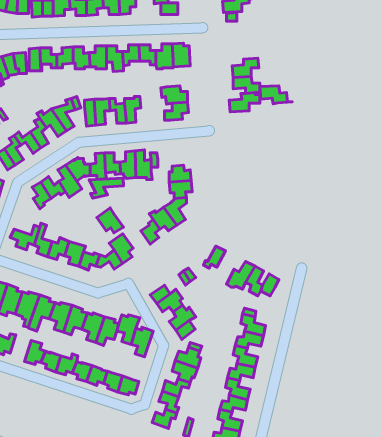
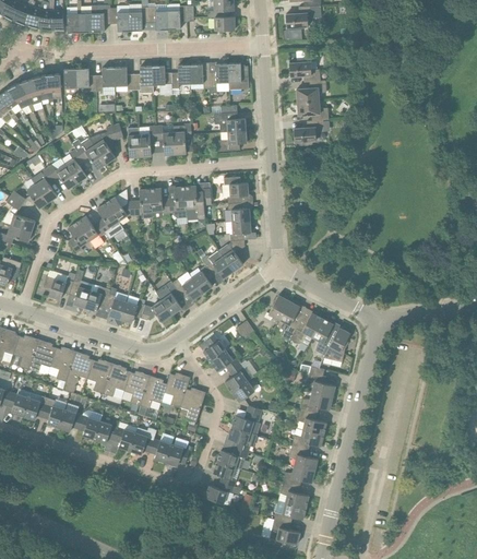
building: [260,86,292,104] -> [289,61,326,82]
building: none -> [224,176,249,203]
building: [89,178,124,198] -> none
building: [97,208,123,233] -> [172,271,203,299]
building: none -> [279,300,300,338]
building: none -> [43,396,67,427]

